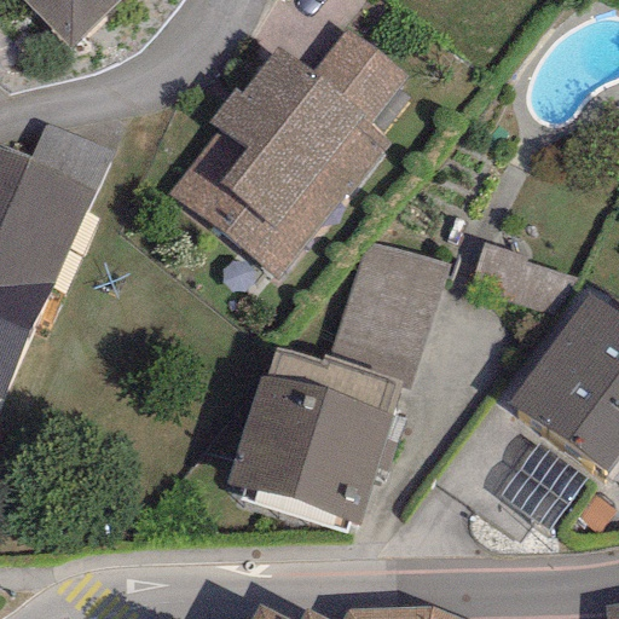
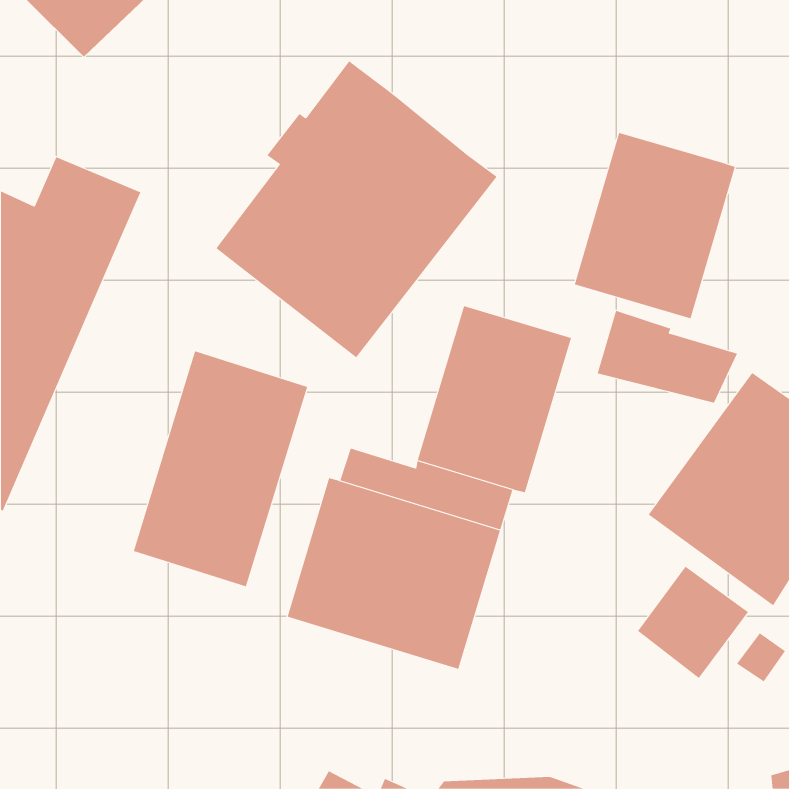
building: [310,27,406,121] -> none
building: none -> [574,132,736,319]
building: none -> [133,351,308,587]

